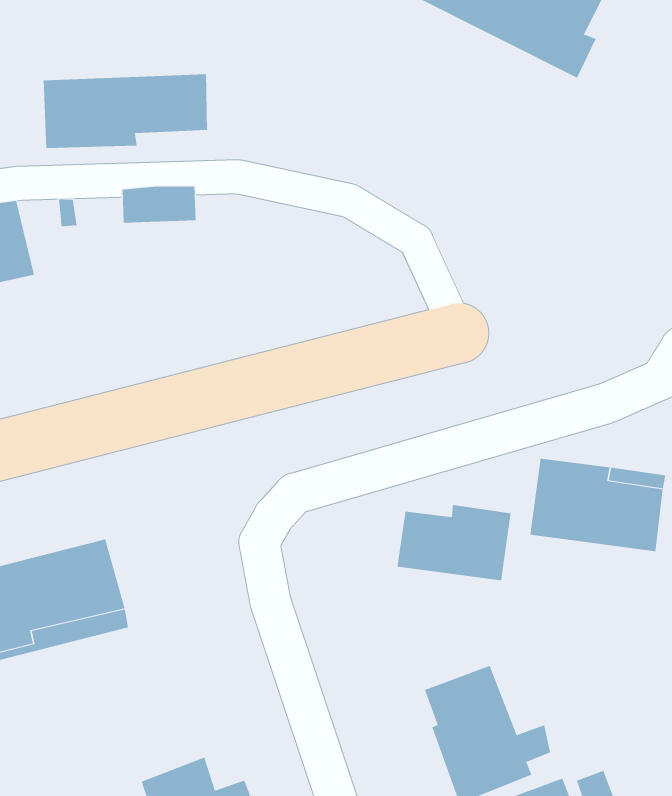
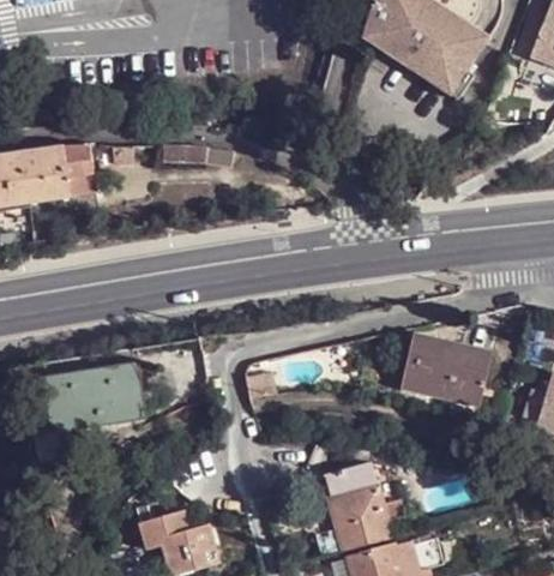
building: [43,74,207,149] -> none
building: [397,504,511,581] -> none

